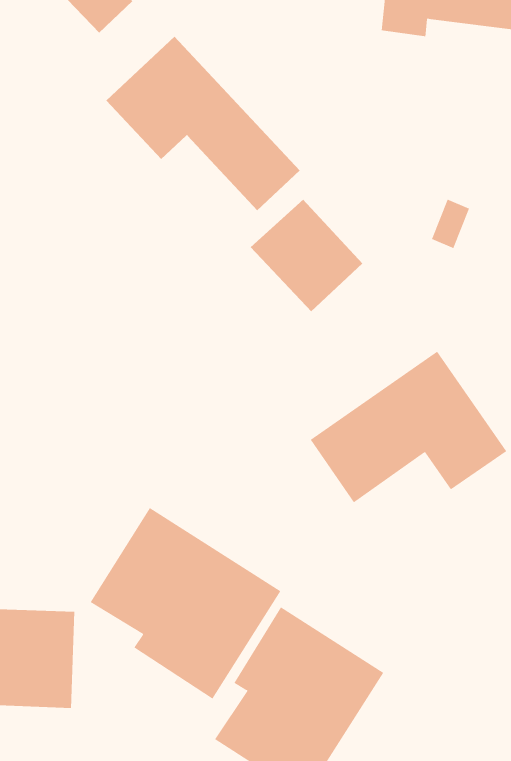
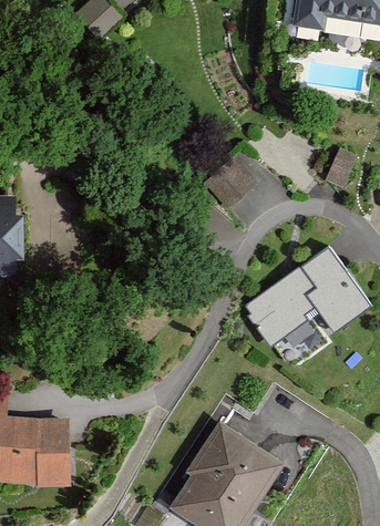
building: [105,36,301,211] -> none
building: [90,507,281,700] -> none

